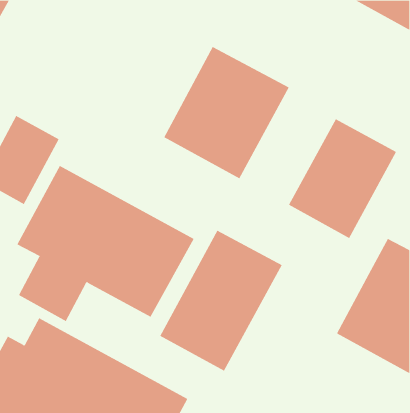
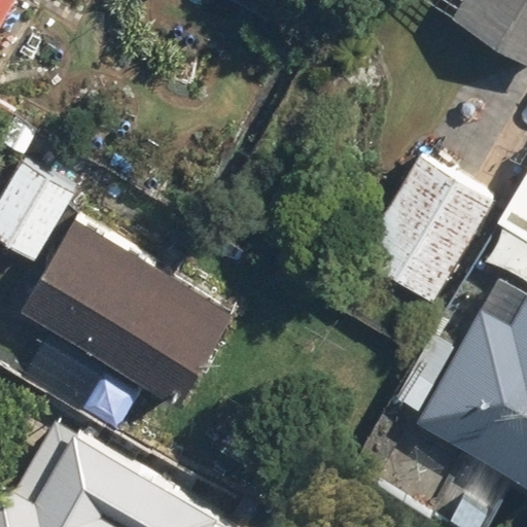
building: [164,46,289,179] -> none
building: [160,230,283,372] -> none

